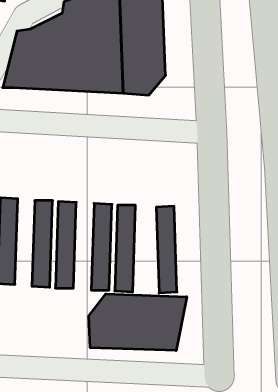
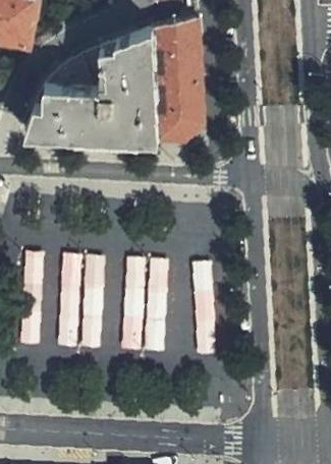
building: [89,294,187,351] -> none

